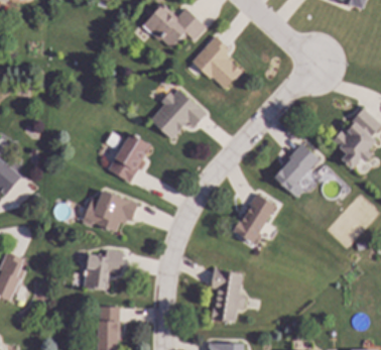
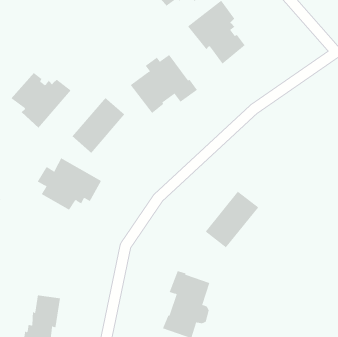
building: none -> [11,72,72,128]
building: [271,143,319,199] -> none
building: [84,250,124,291] -> none

